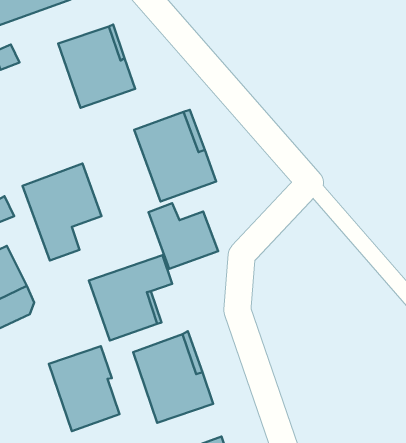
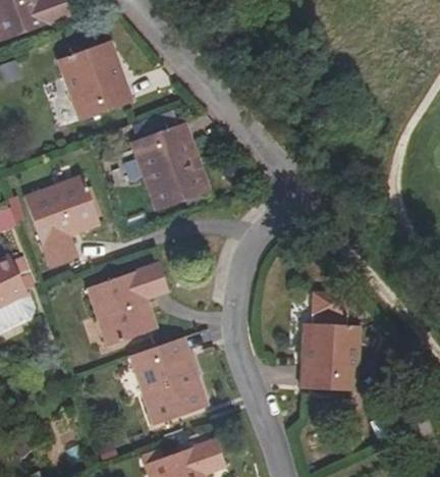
building: [149,203,218,269] -> none
building: none -> [299,293,360,390]
building: [49,346,120,431] -> none

